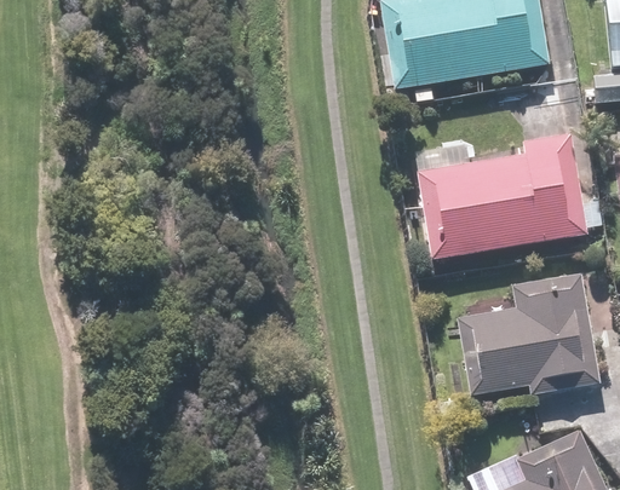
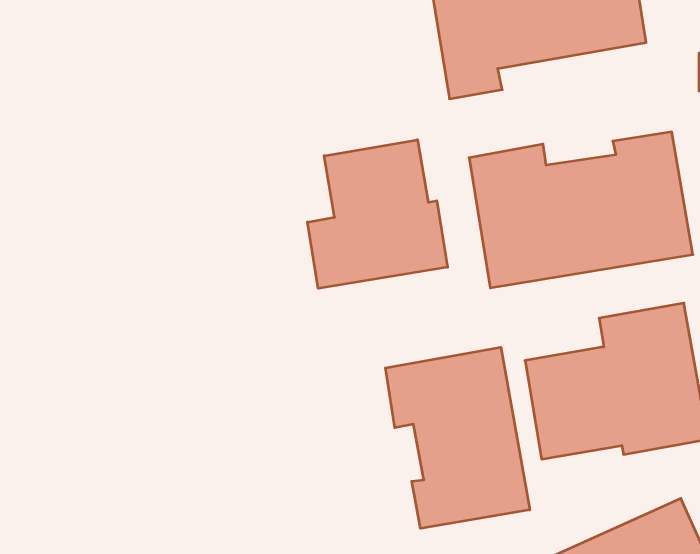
building: none -> [307,140,448,288]
building: none -> [385,347,530,528]

